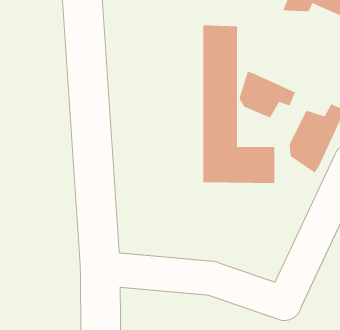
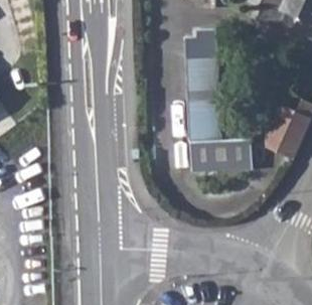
building: [239,71,296,118] -> none

